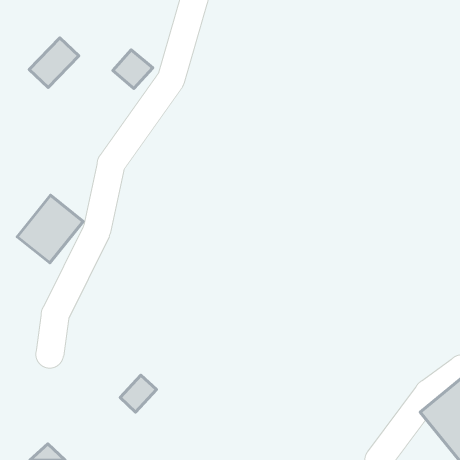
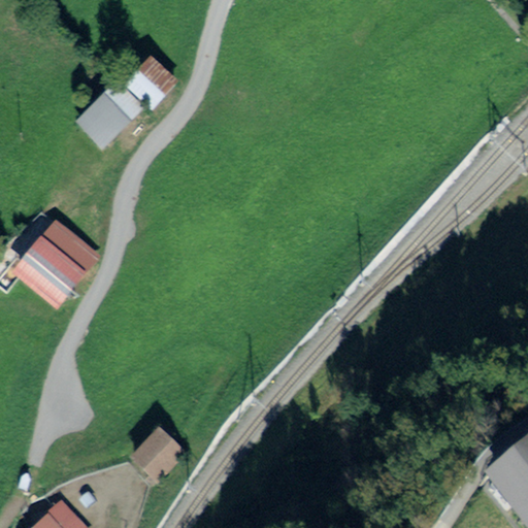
building: [29,38,79,87] -> [84,82,140,139]

